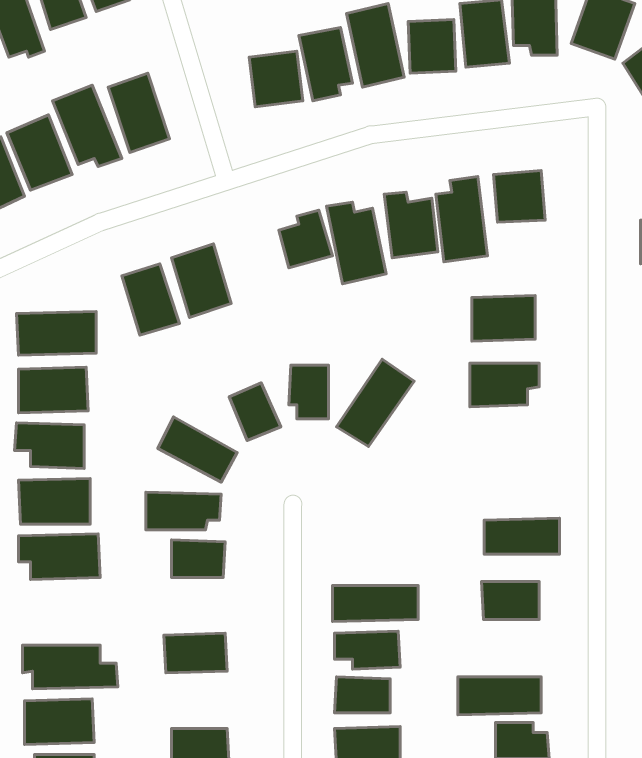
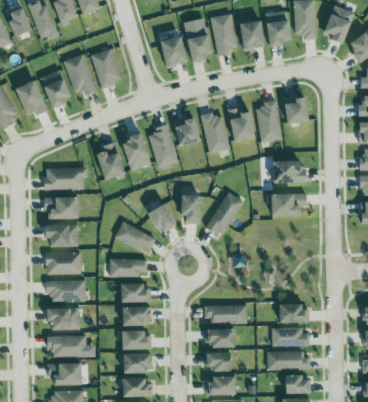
building: none -> [149,125,177,168]
building: [484,518,560,554] -> [270,329,308,347]
building: none -> [122,306,151,325]
building: none -> [45,308,79,330]
building: none -> [119,354,152,374]

